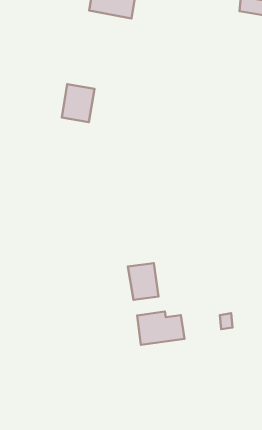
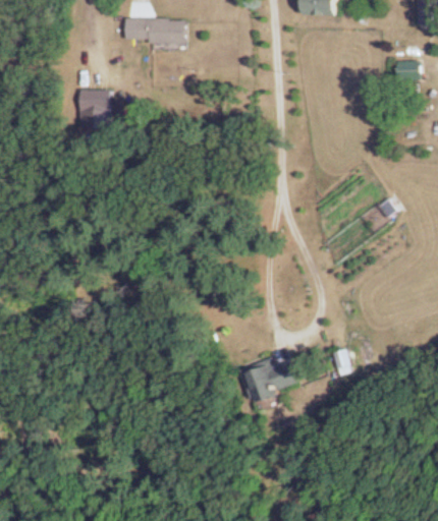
building: [62,84,94,122] -> [77,91,108,128]
building: [128,263,158,300] -> none

